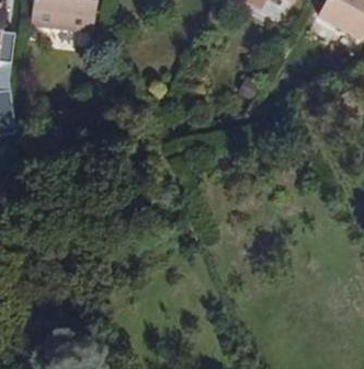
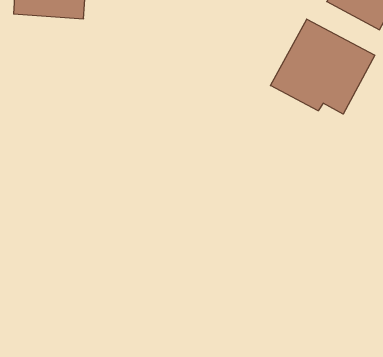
building: none -> [270,19,375,114]

